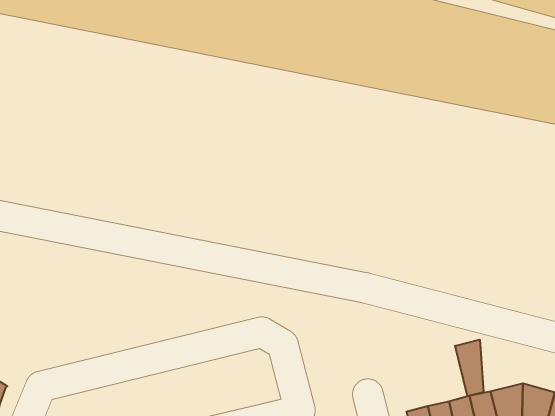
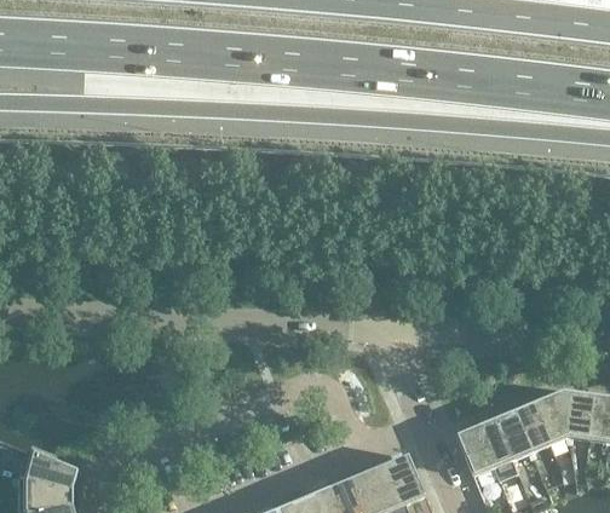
building: [455,340,484,396] -> none

